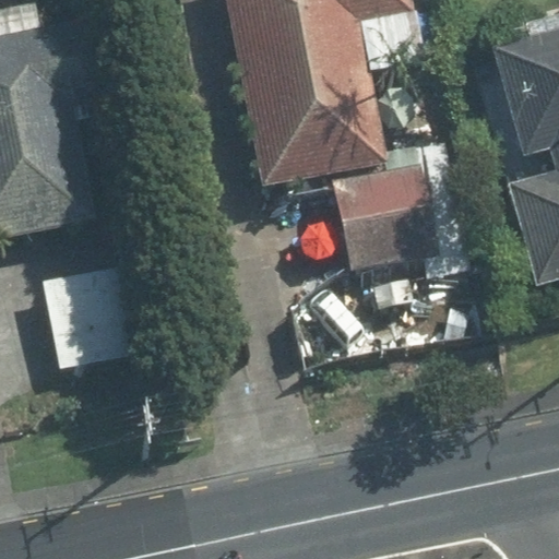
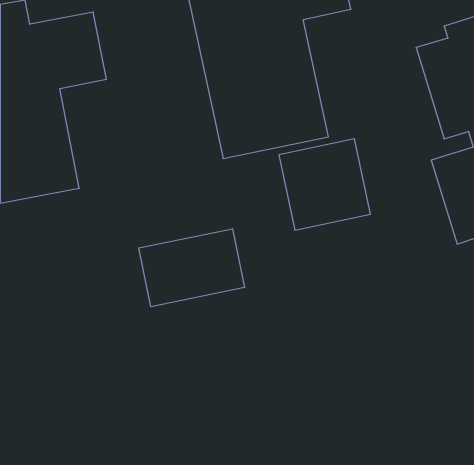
building: [40,260,148,367] -> none
building: none -> [139,229,245,307]

